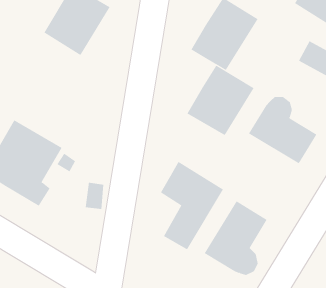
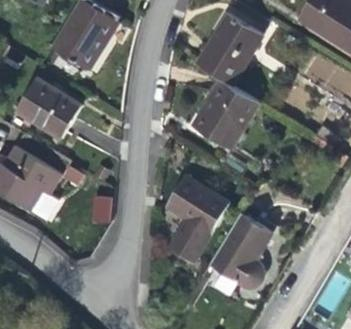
building: none -> [17,77,82,138]
building: [248,96,317,164] -> none

